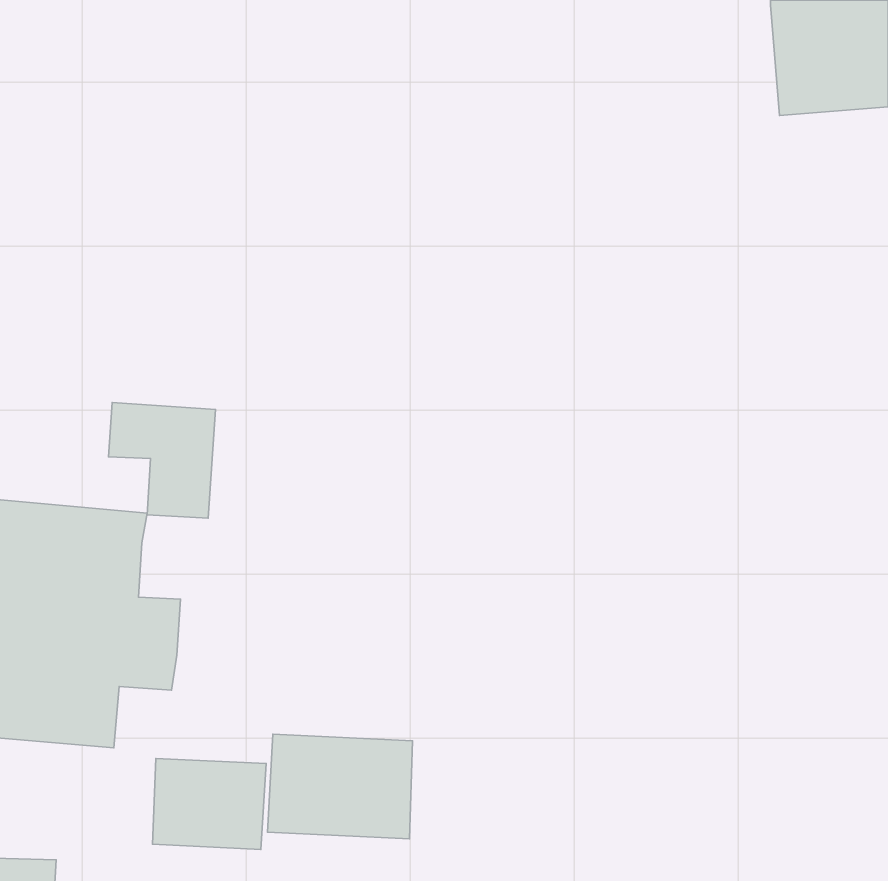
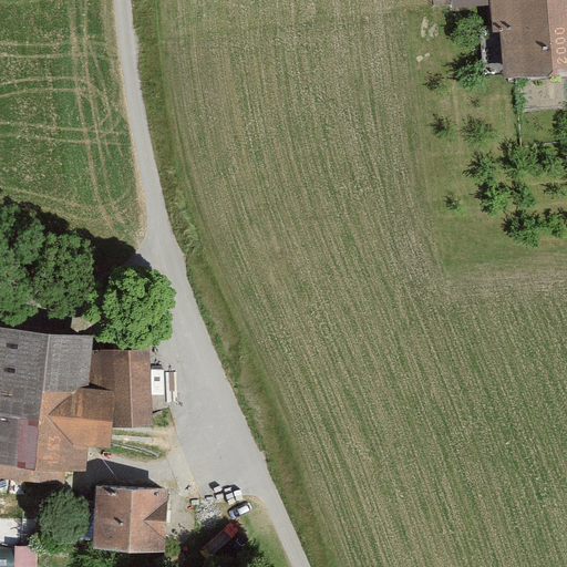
building: [108,403,215,518] -> [87,352,155,425]
building: [267,734,413,839] -> none

